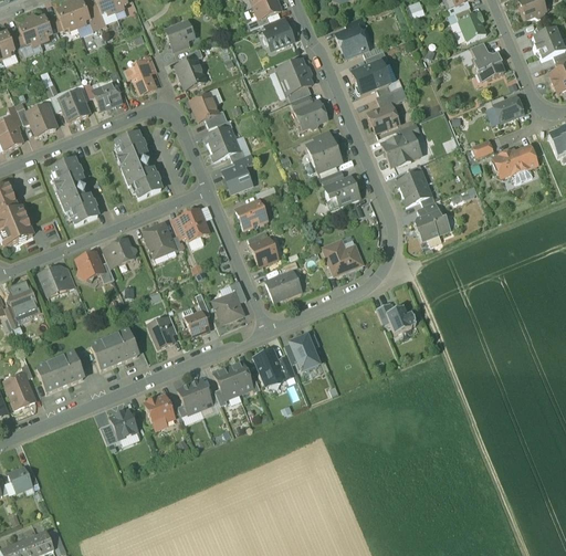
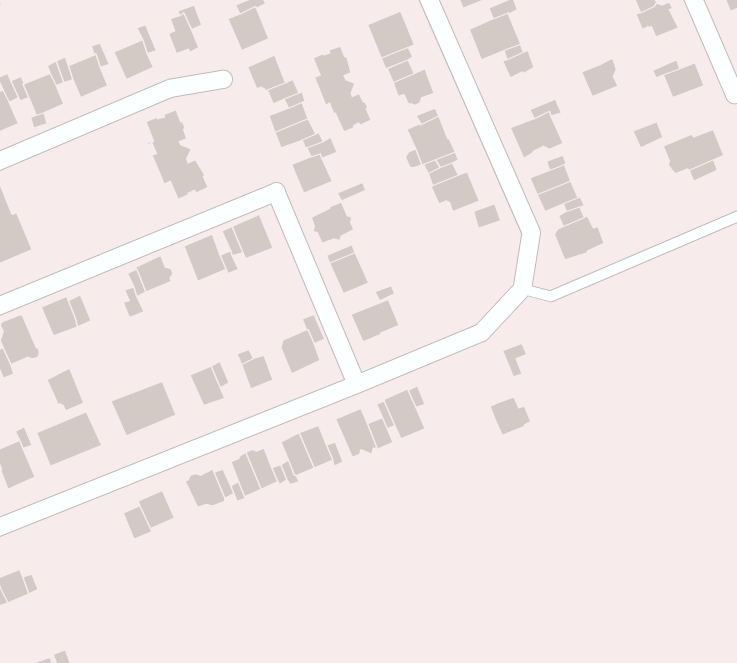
building: none -> [313,46,371,132]
building: [368,104,395,132] -> [582,59,618,97]
building: [52,158,98,223] -> none
building: [323,240,363,275] -> none
building: [76,251,104,279] -> none
building: [386,306,416,334] -> [490,397,531,435]
building: none -> [46,368,84,411]

